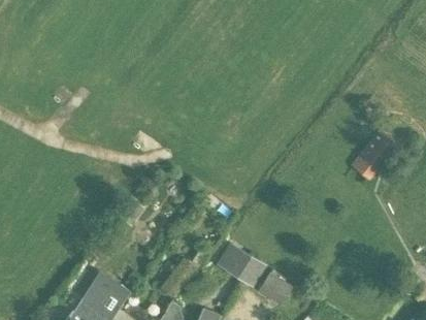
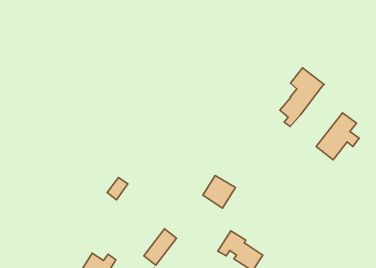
building: none -> [280,68,324,126]
building: [221,246,257,282] -> [203,176,236,208]

